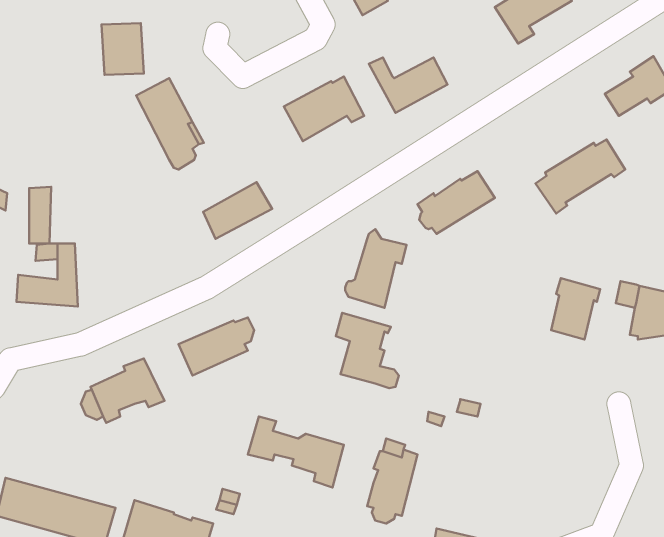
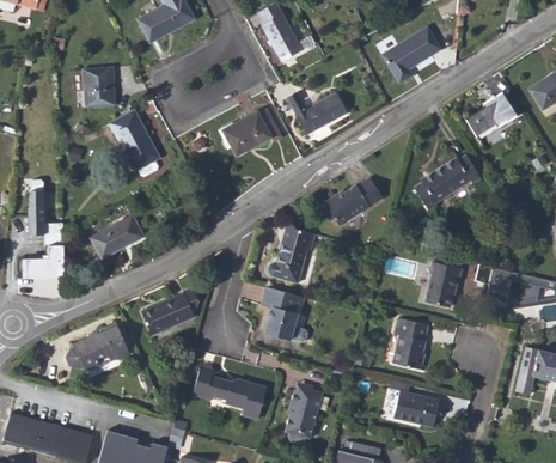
building: [203,182,272,239] -> [91,214,143,257]
building: none -> [392,316,428,370]
building: none -> [392,380,439,427]

